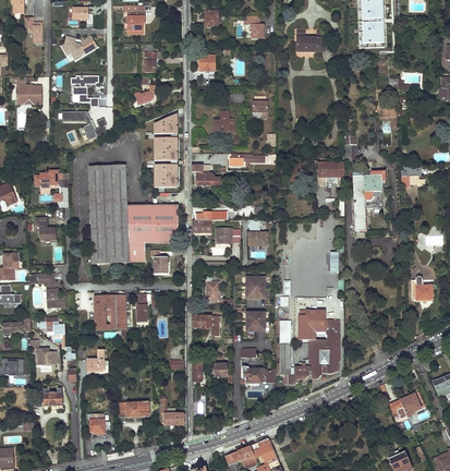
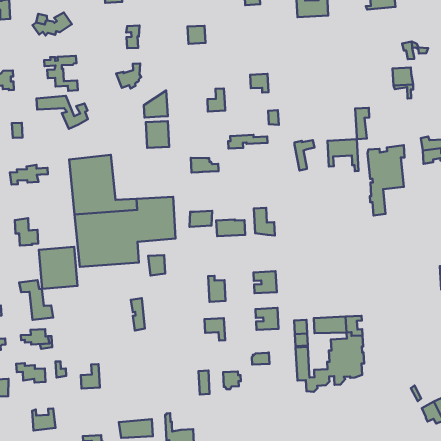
building: [157,165,178,188] -> none
building: [93,294,125,330] -> [39,247,78,289]
building: [241,366,275,383] -> none

